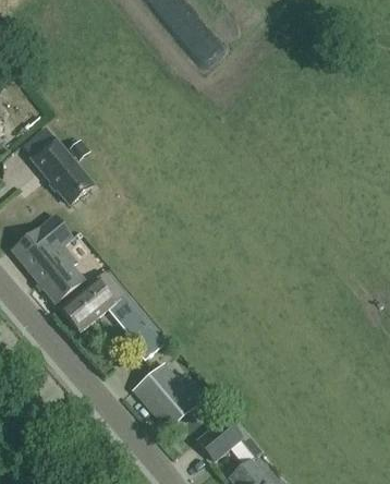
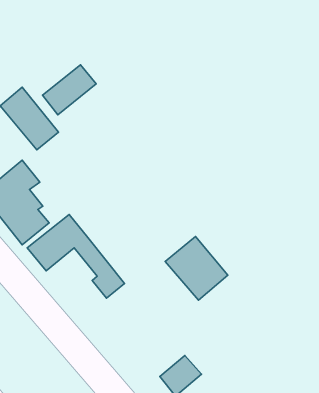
building: none -> [42,65,96,115]
building: [133,363,198,429] -> [165,236,228,300]

